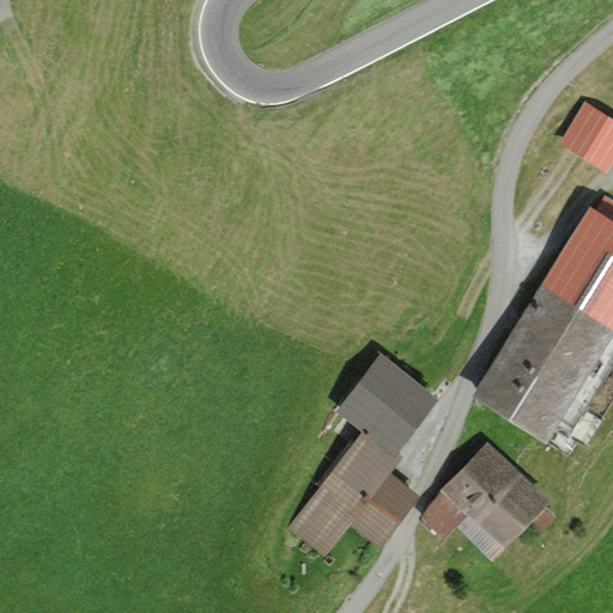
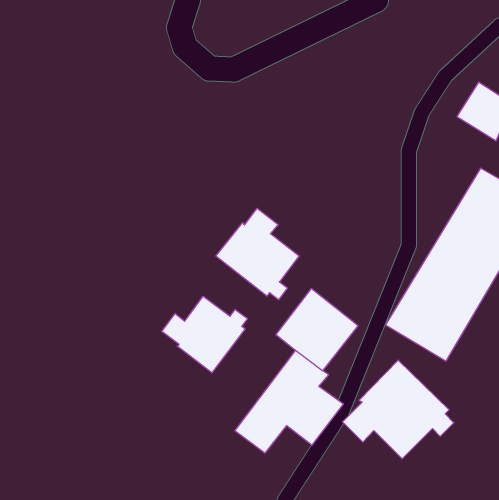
building: none -> [216,208,299,300]
building: none -> [162,296,247,373]

